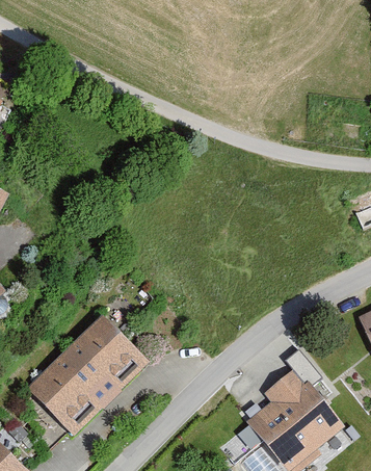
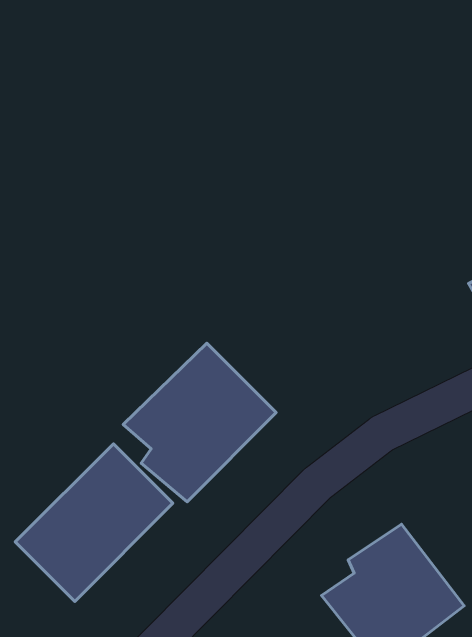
building: none -> [123,343,276,502]

